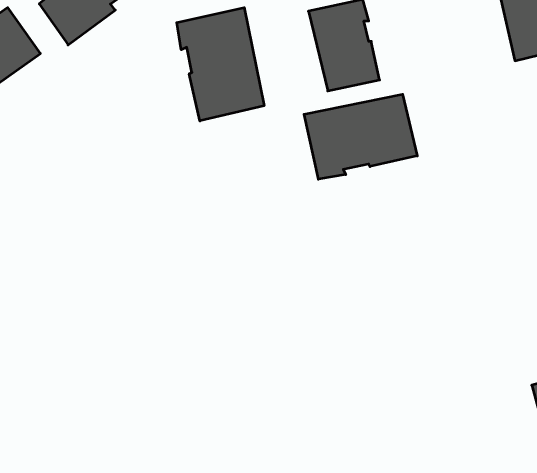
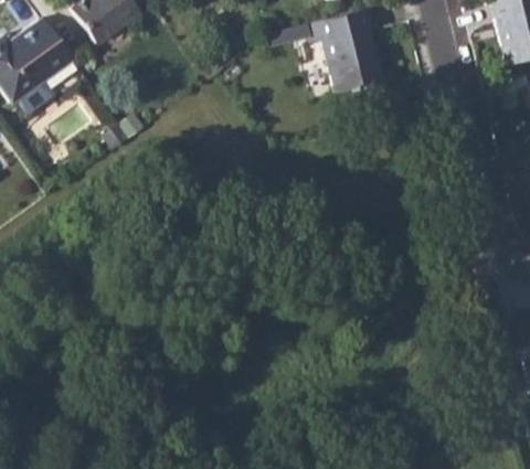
building: [177,8,264,121] -> none
building: [304,94,417,179] -> none

